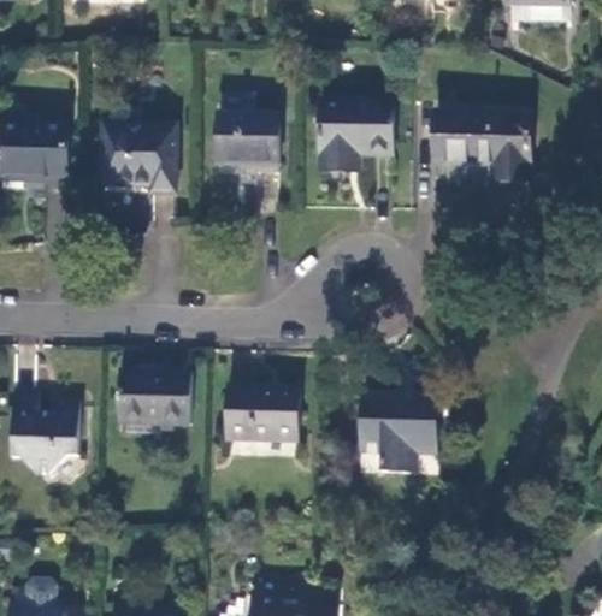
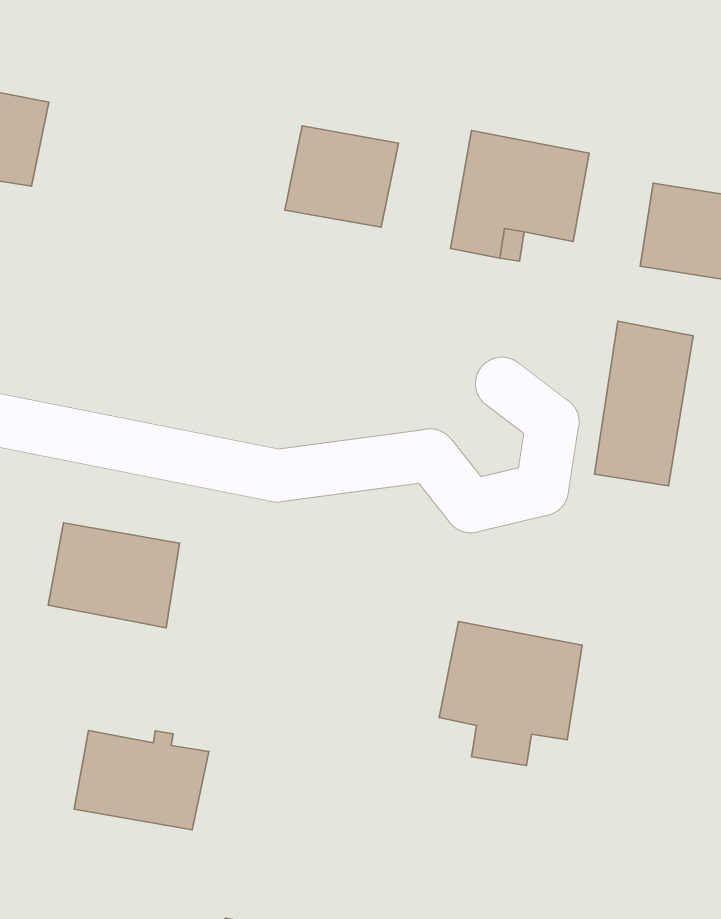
building: [104,126,177,195] -> none
building: none -> [595,321,693,486]
building: [224,387,299,443] -> [74,731,209,830]

